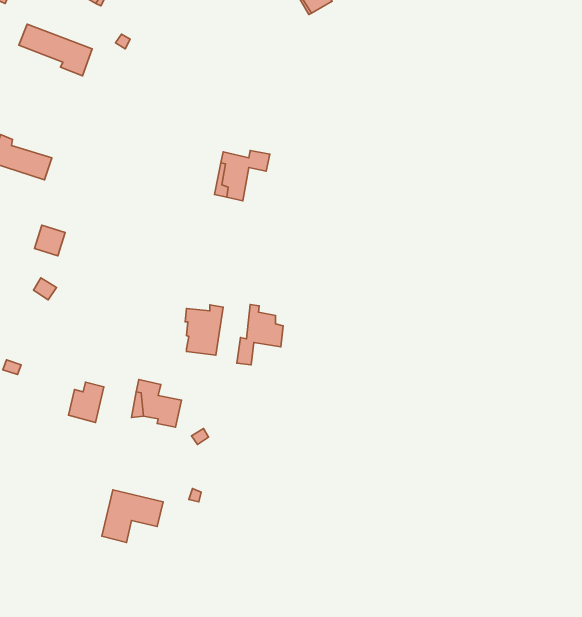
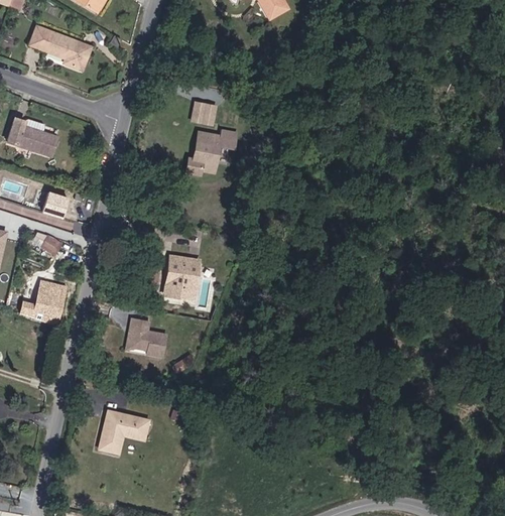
building: none -> [192,101,215,123]
building: [237,305,283,365] -> none
building: [68,382,104,422] -> [36,282,66,315]

